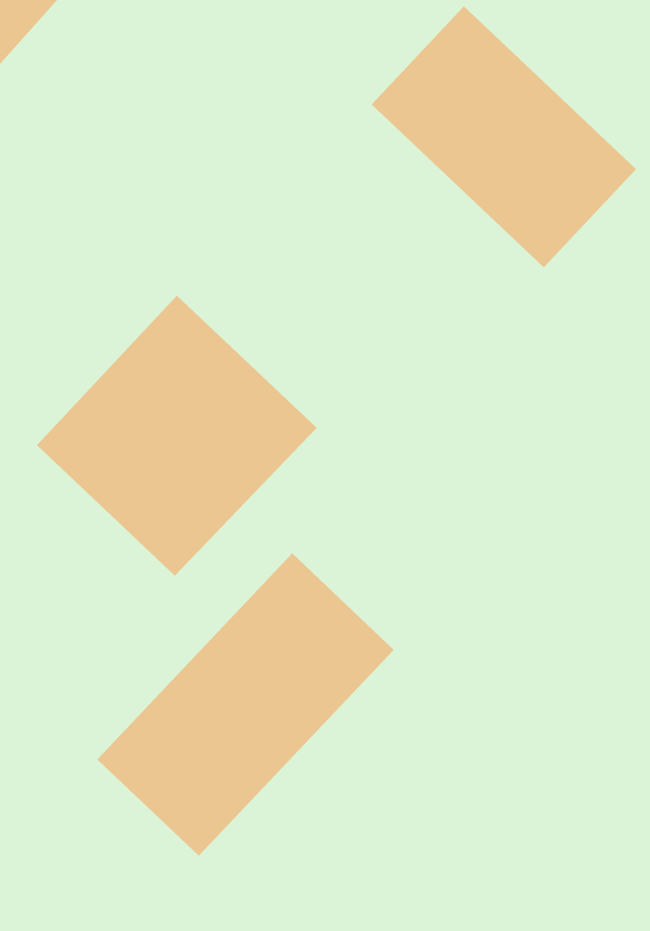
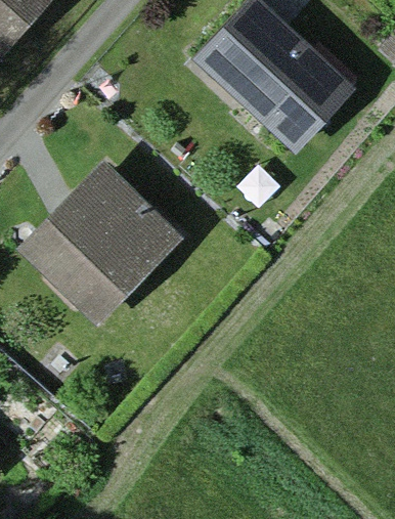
building: [97,553,394,857] -> none

